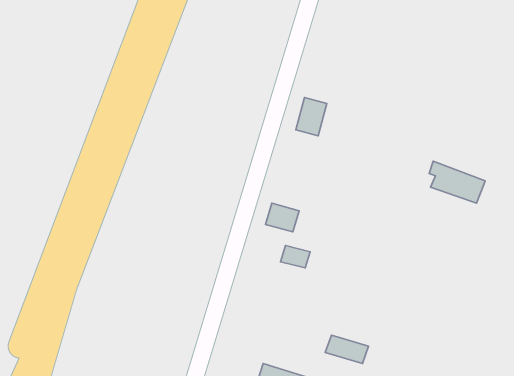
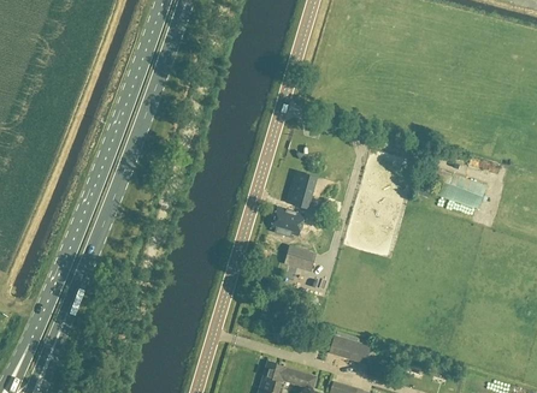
building: [296,97,327,136] -> [288,171,318,208]

